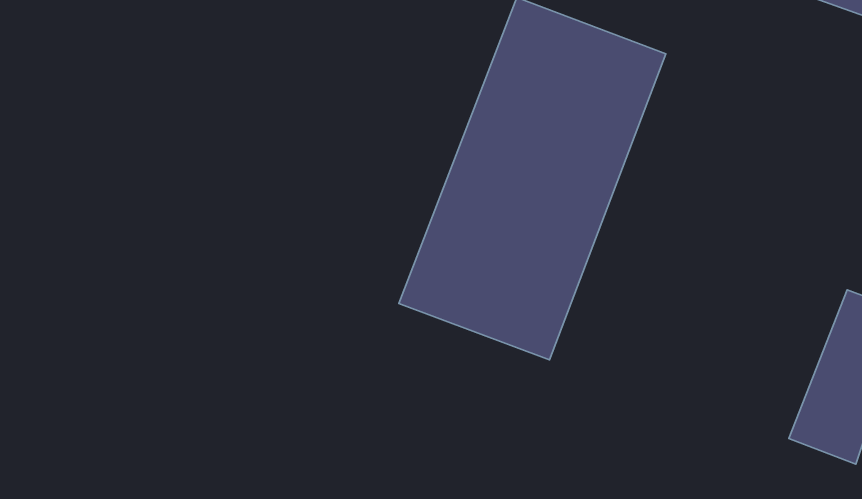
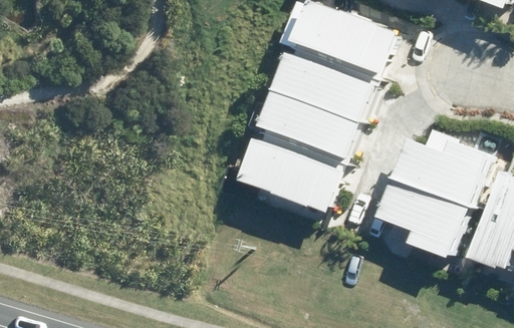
building: none -> [374,137,488,259]

